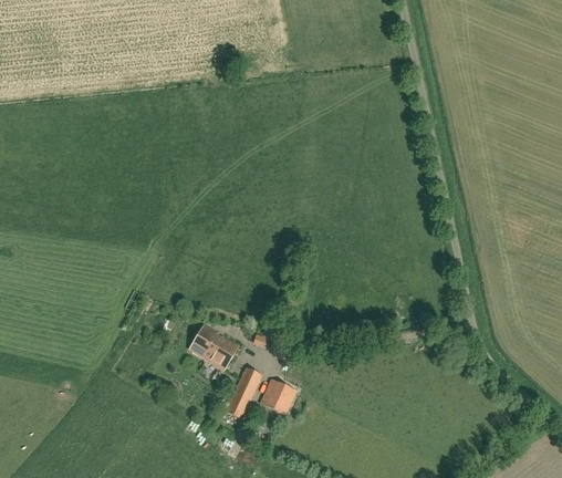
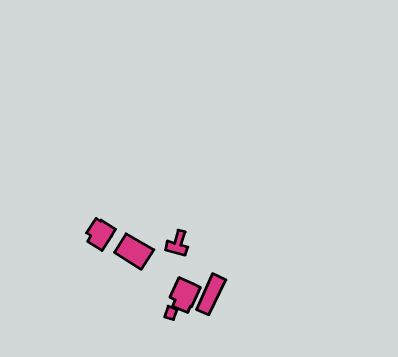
building: none -> [86,218,116,251]
building: [226,366,262,417] -> [196,274,226,315]

